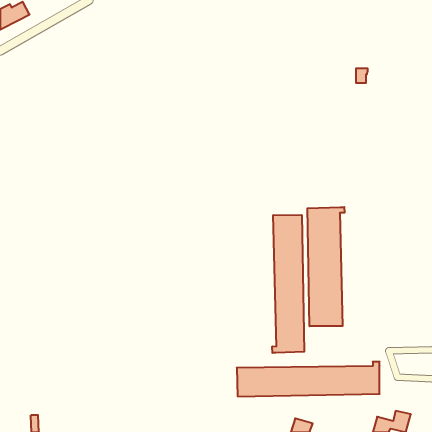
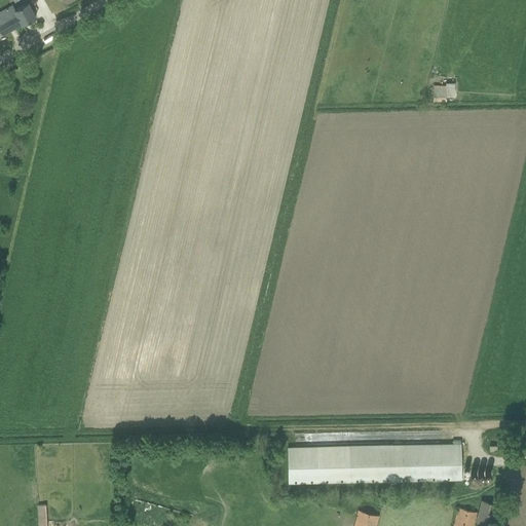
building: [307,207,345,326] -> none
building: [272,215,304,353] -> none

